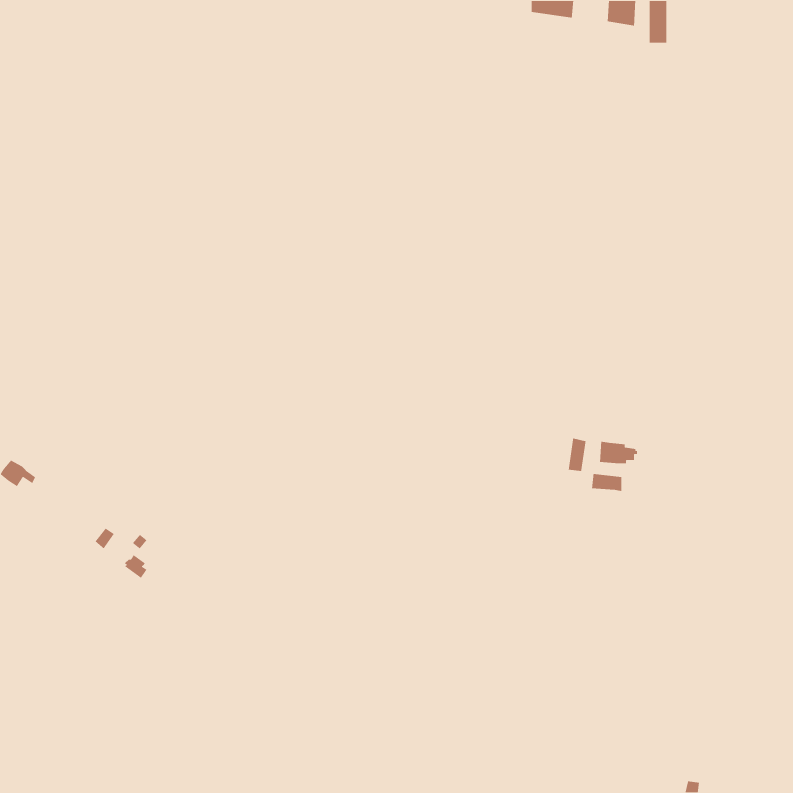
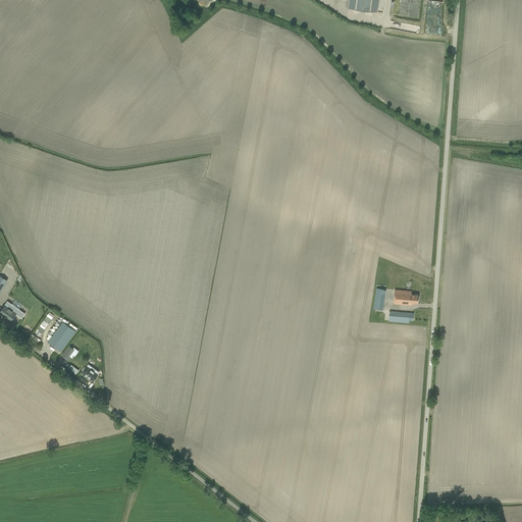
building: none -> [47,320,76,352]

